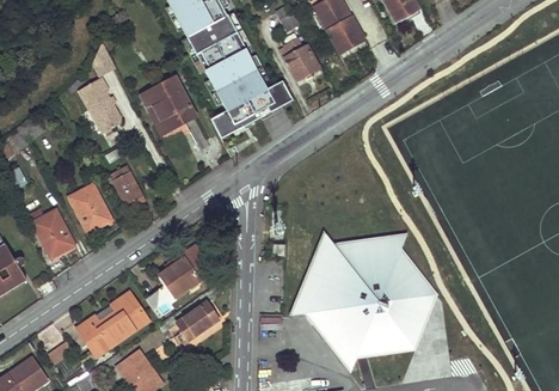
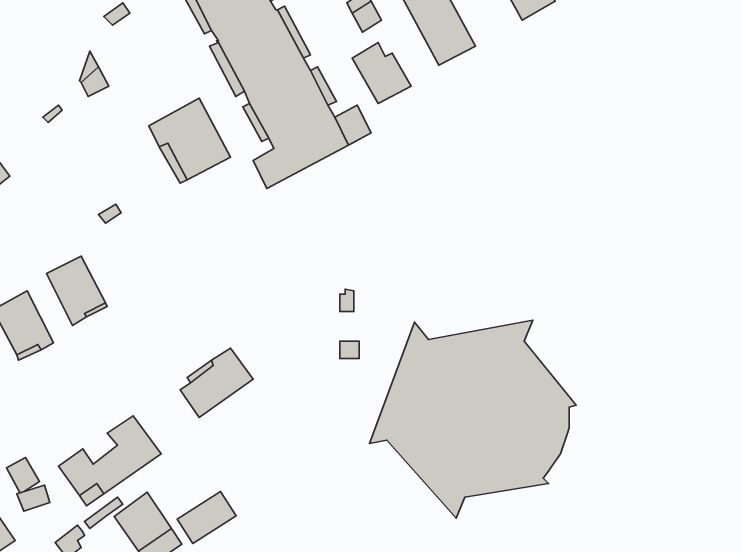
building: [78,79,121,134] -> none
building: [110,166,143,204] -> none
building: [176,303,216,338] -> [177,491,236,543]

